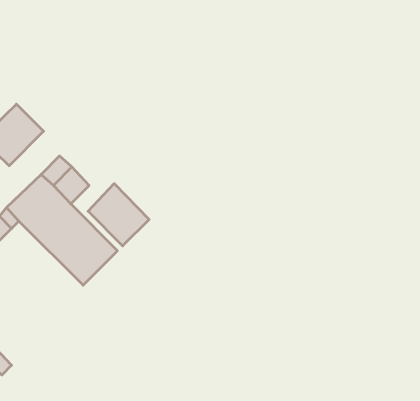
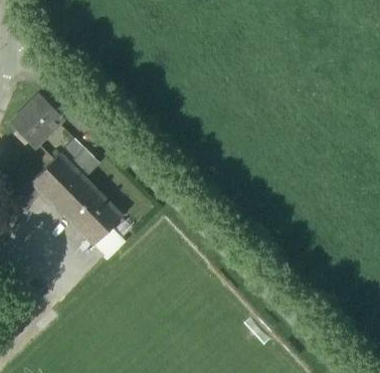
building: [88,184,149,246] -> none

